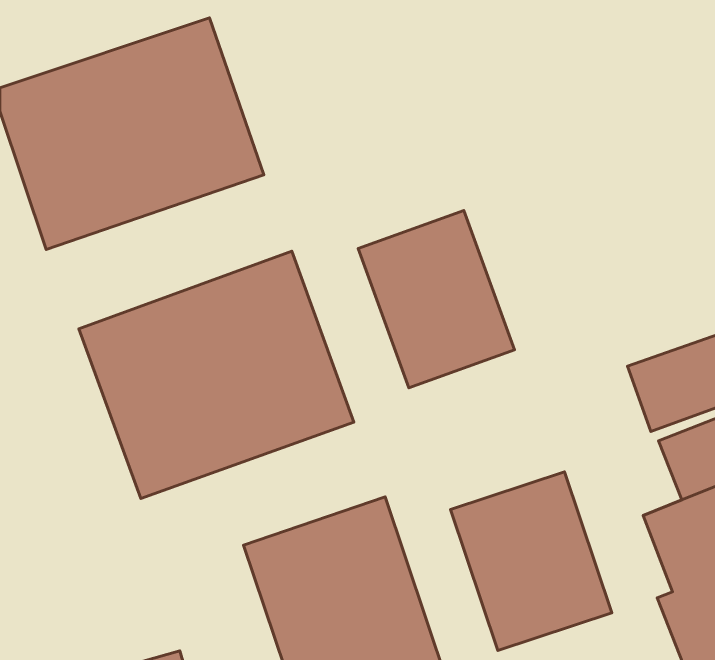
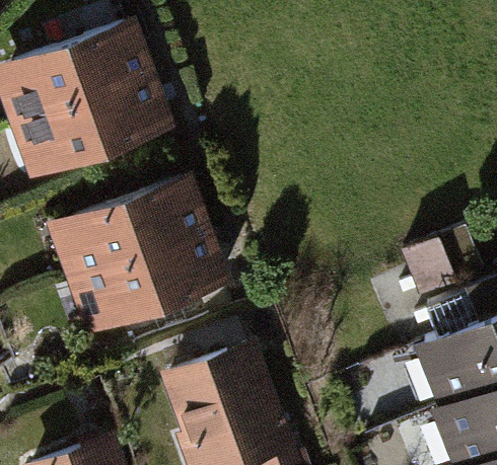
building: [358,211,514,388] -> none
building: [450,472,612,651] -> none

